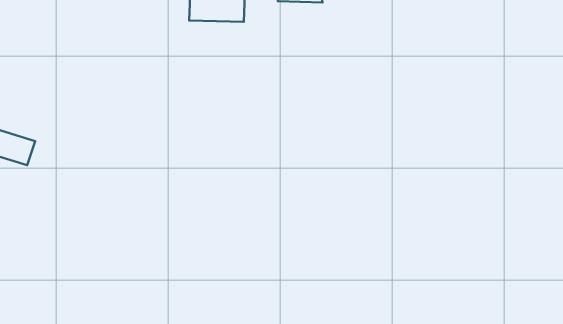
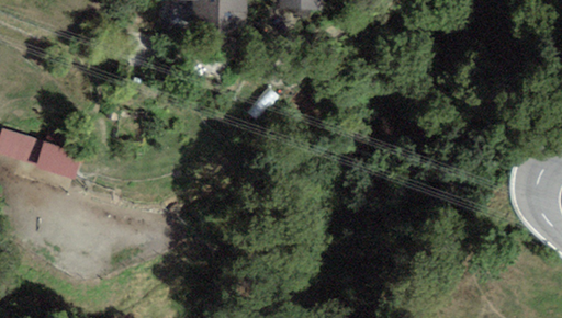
building: none -> [31,139,78,178]

